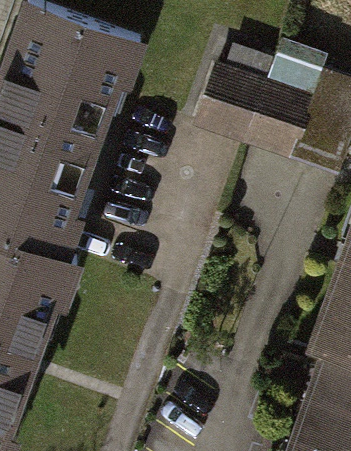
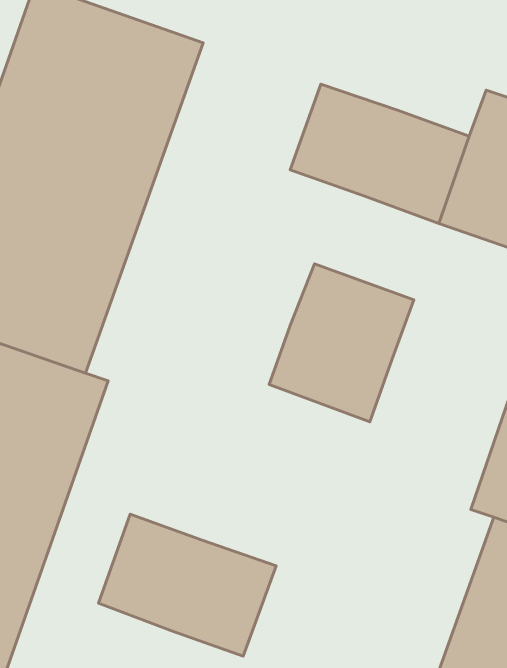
building: none -> [269,264,414,422]
building: none -> [98,514,276,656]

